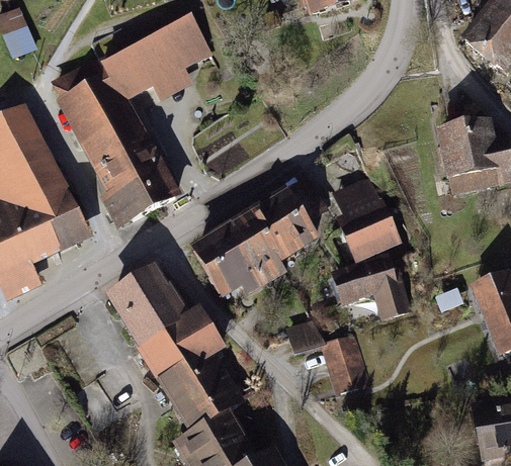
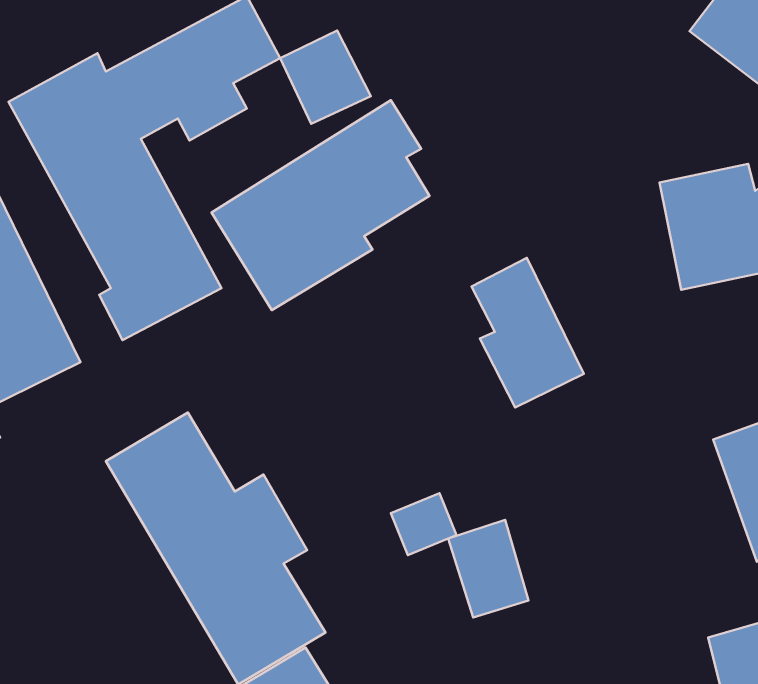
building: none -> [280,30,371,124]
building: [192,179,324,305] -> [211,100,430,310]
building: [329,254,406,321] -> none

